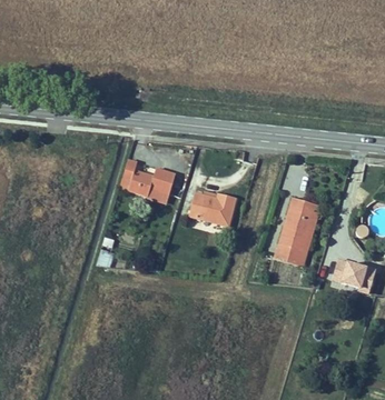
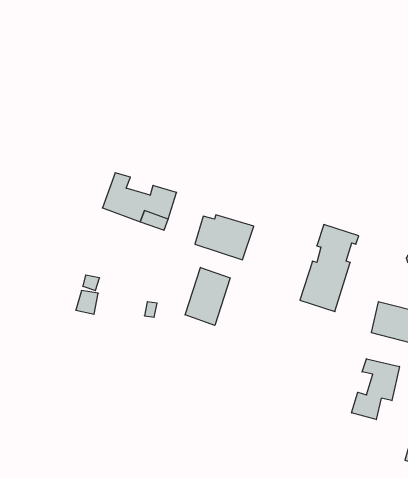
building: none -> [185,267,230,325]
building: none -> [352,359,399,420]

